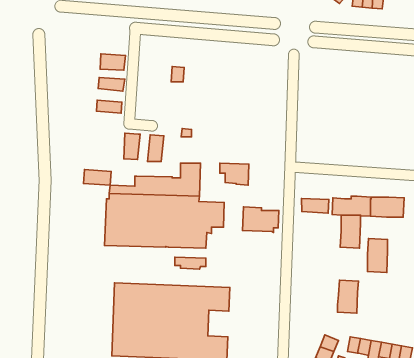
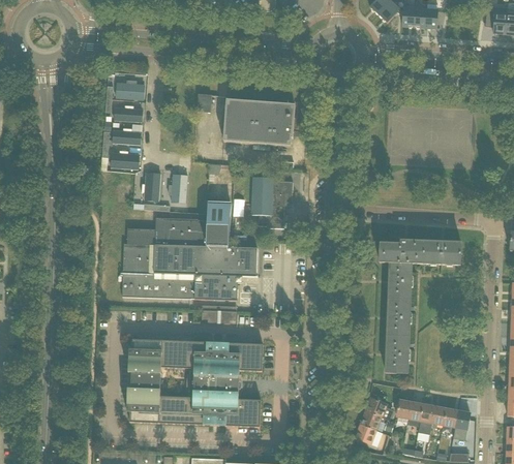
building: none -> [223,99,295,146]
building: [84,170,111,185] -> [109,153,140,171]
building: [302,199,329,213] -> none
building: [242,207,279,232] -> [251,176,293,205]
building: [368,239,388,272] -> [387,298,410,336]

